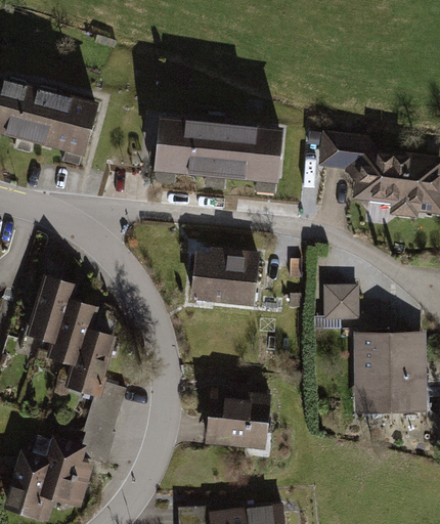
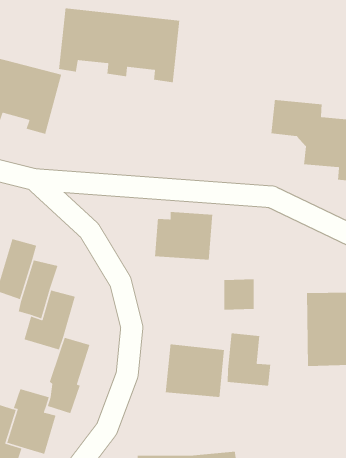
building: [152,116,281,195] -> [58,8,180,83]
building: [324,283,357,317] -> [224,279,255,311]
building: none -> [227,332,271,386]

